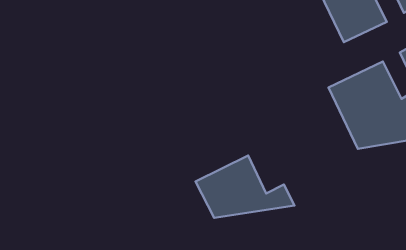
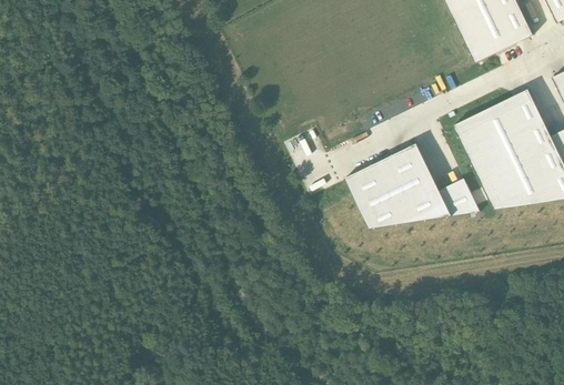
building: [196,155,294,218] -> [345,142,481,227]

